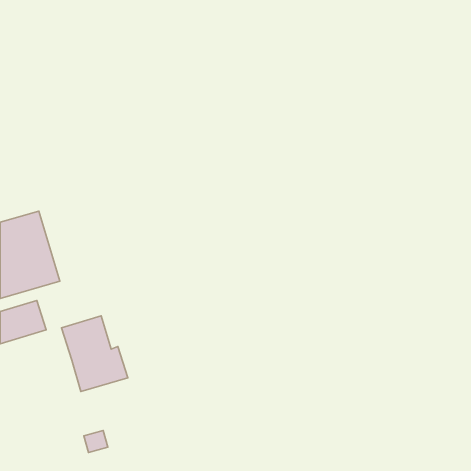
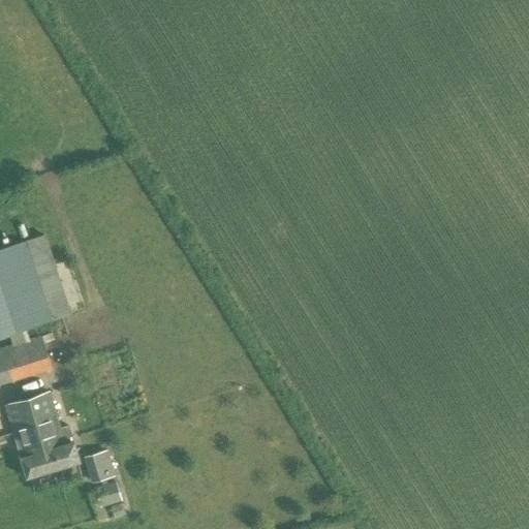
building: [62,316,128,392] -> [4,392,79,476]
building: none -> [87,449,117,480]

